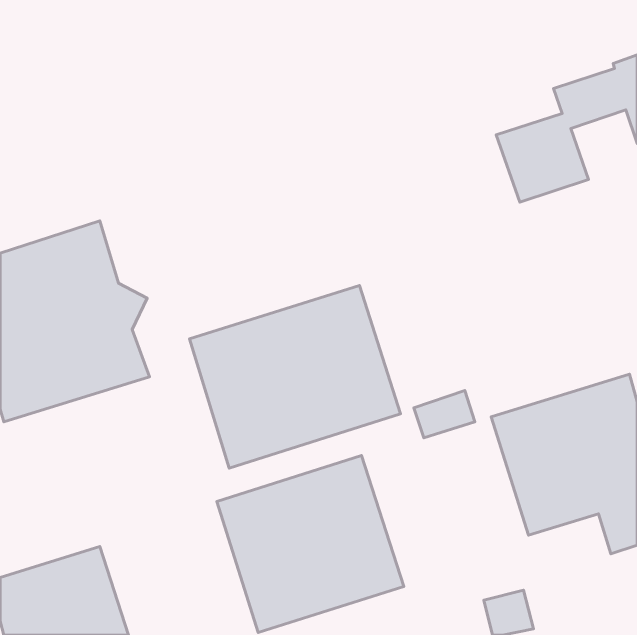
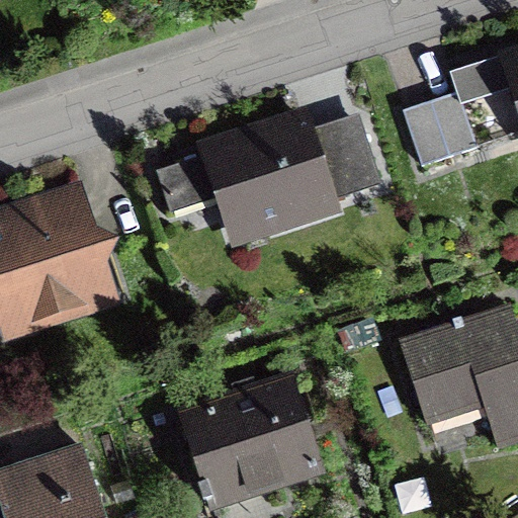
building: none -> [158,106,382,249]
building: [189,286,400,468] -> none

